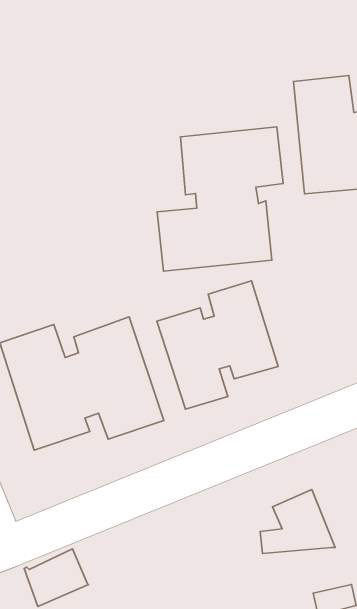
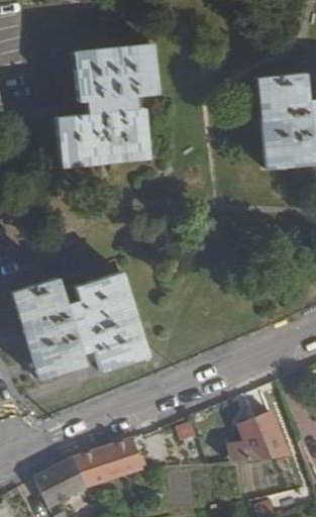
building: [157,127,283,271] -> [50,46,153,165]
building: [157,281,278,409] -> none
building: none -> [74,440,143,488]

